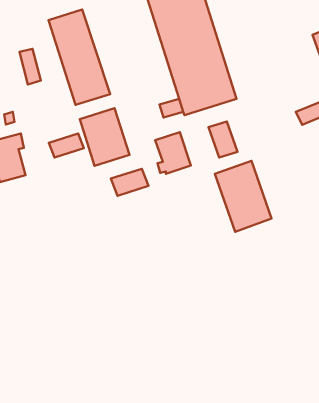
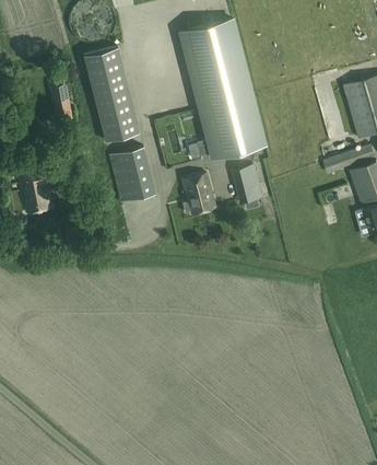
building: [49,133,84,158] -> none
building: [215,161,272,232] -> none
building: [111,169,148,196] -> none

